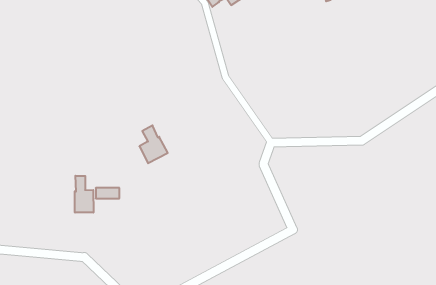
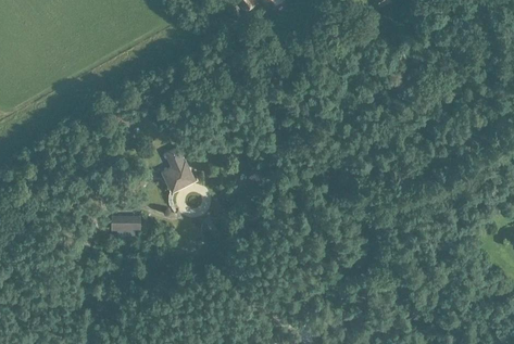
building: [75,176,93,213] -> none

